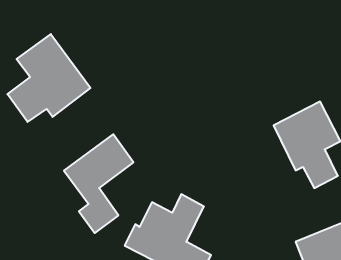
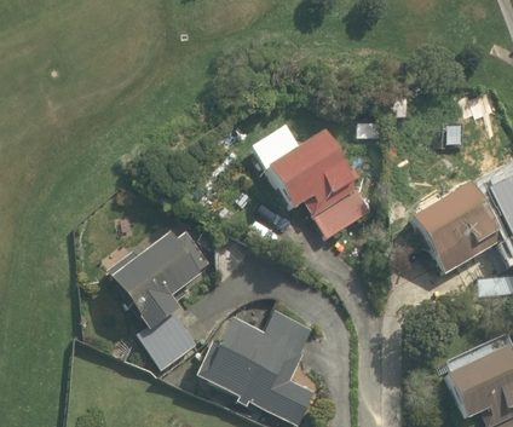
building: [7,34,90,122] -> none
building: none -> [253,121,377,248]

